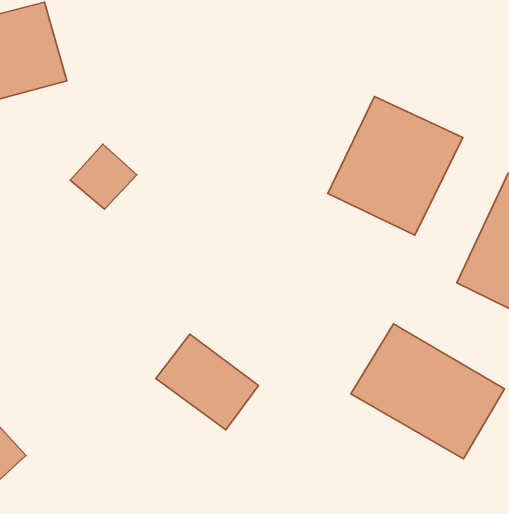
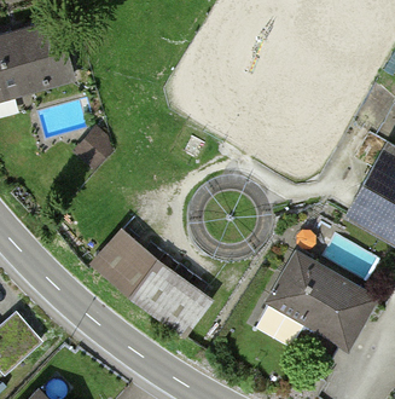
building: [328,96,463,235] -> none
building: none -> [94,231,153,291]

